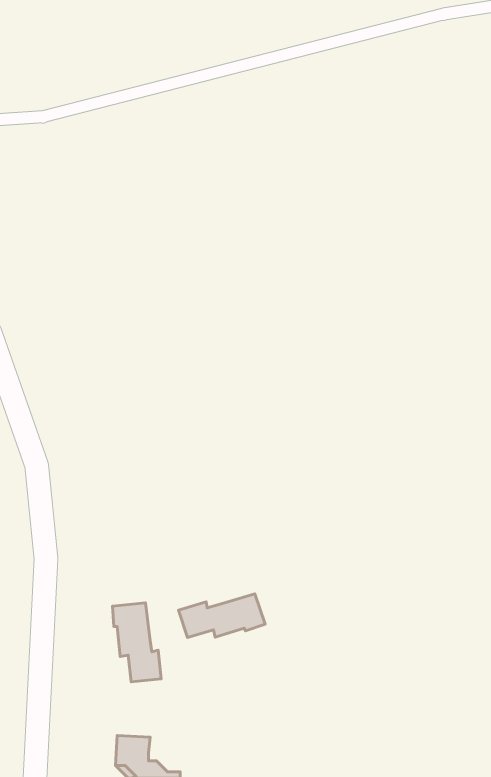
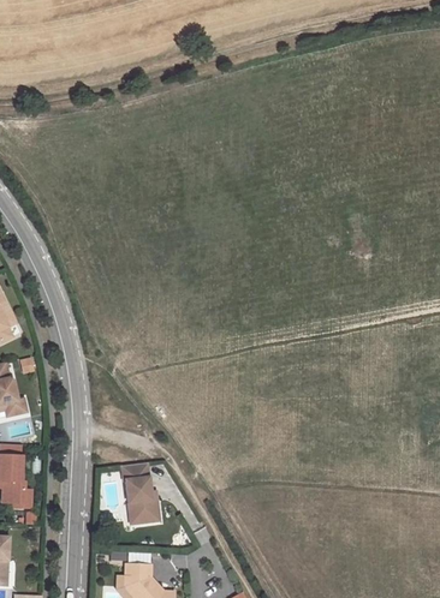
building: [178,594,265,638] -> none

